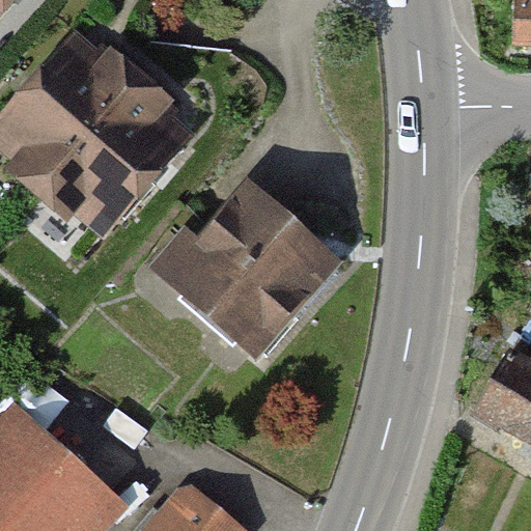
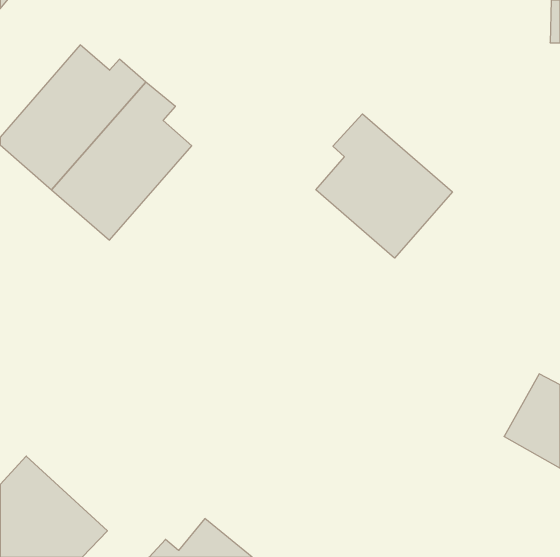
building: none -> [316,114,452,258]
building: [177,193,331,347] -> none

